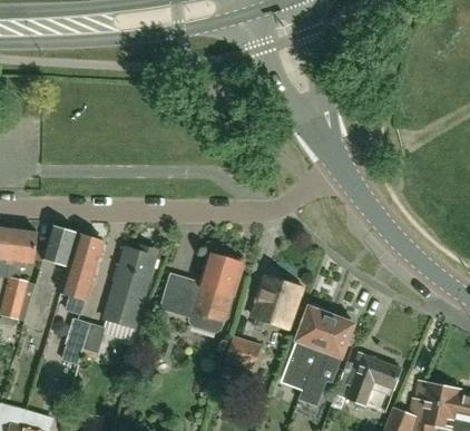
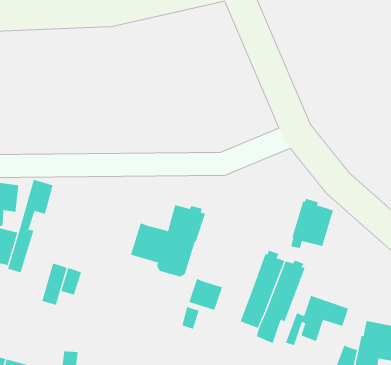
building: [60,233,102,312] -> none
building: [104,247,155,327] -> none
building: [253,273,301,329] -> [290,198,334,249]

